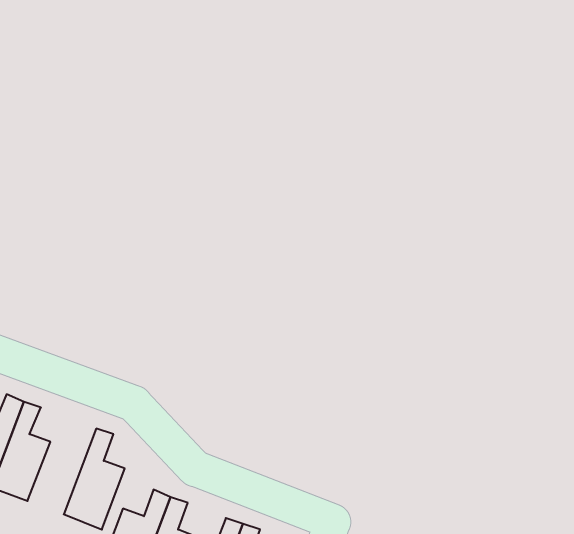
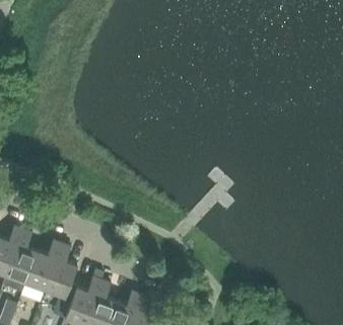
building: none -> [25,241,62,291]

